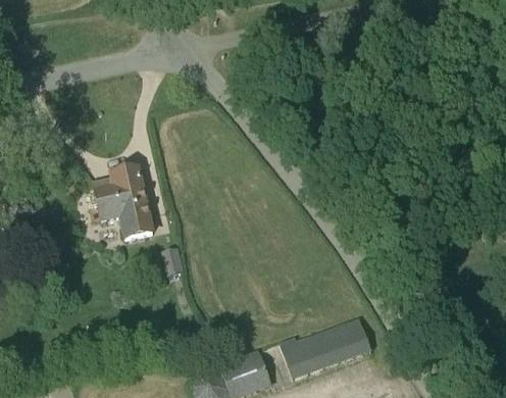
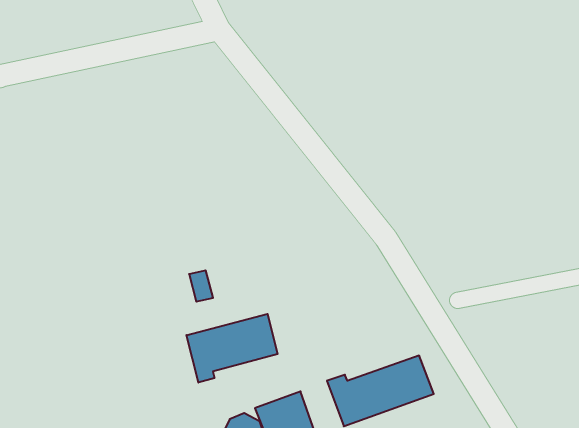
building: [94,166,153,237] -> none
building: none -> [186,314,278,383]

